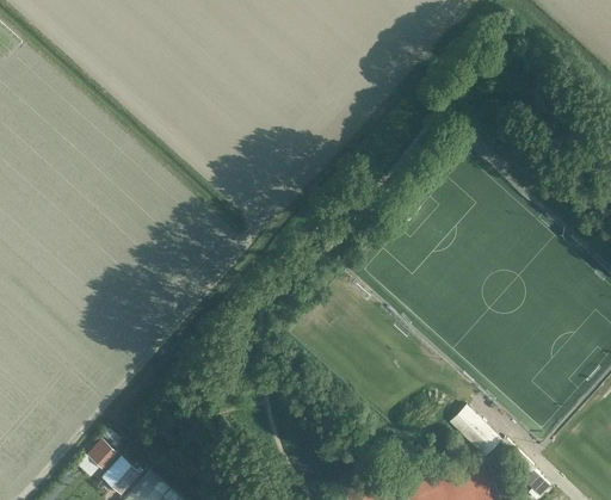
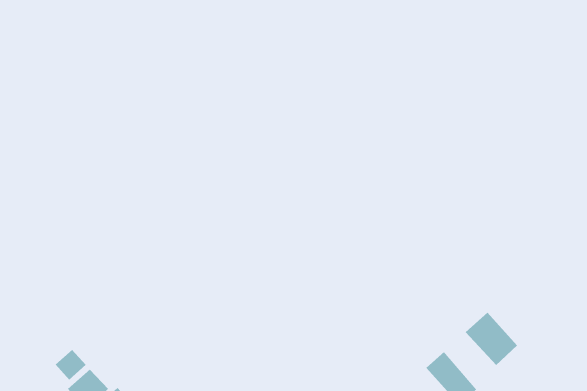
building: none -> [465,312,518,366]

